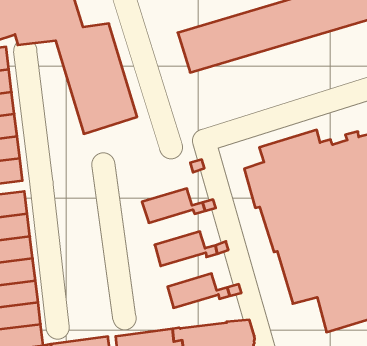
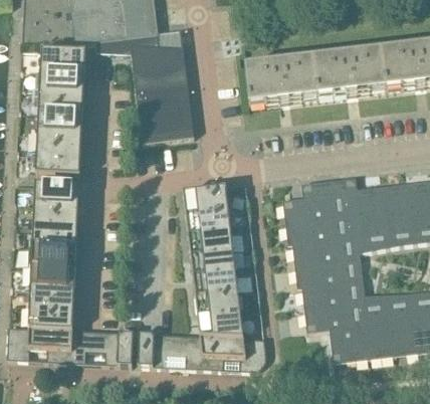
building: none -> [183,187,228,213]
building: none -> [188,228,233,254]
building: none -> [192,269,237,294]
building: none -> [197,310,243,337]

